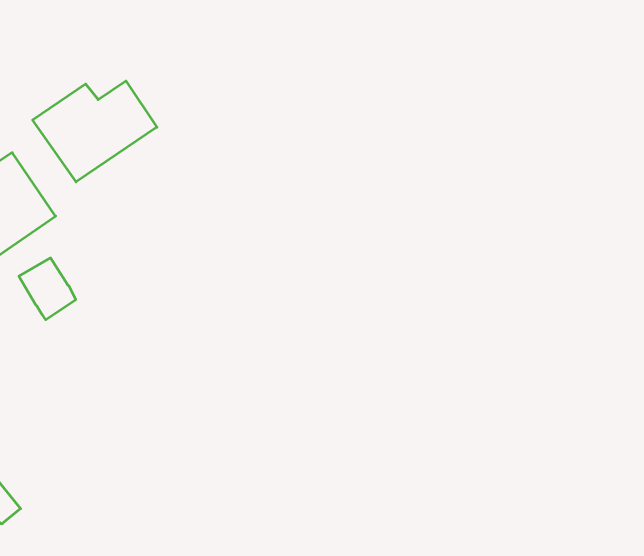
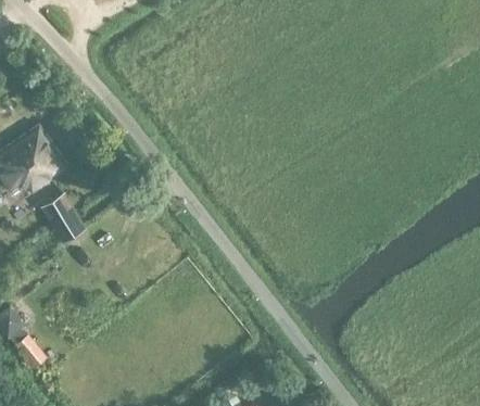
building: [33,81,157,182] -> none

